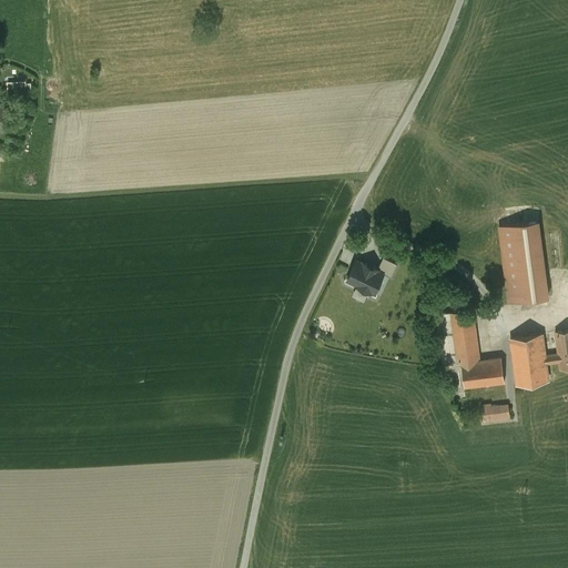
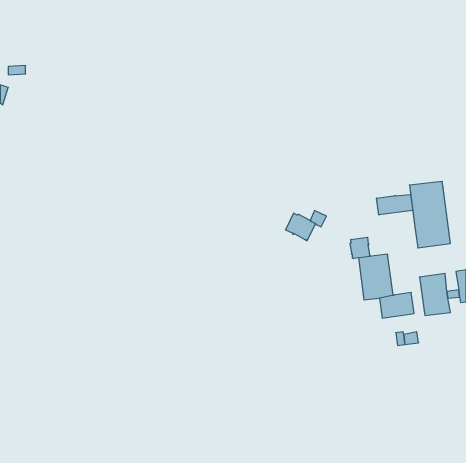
building: none -> [377,194,413,215]
building: none -> [350,237,370,259]

